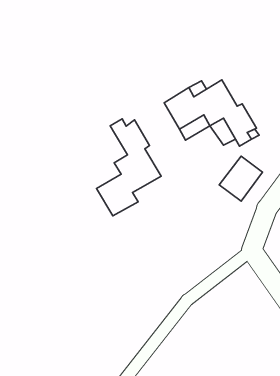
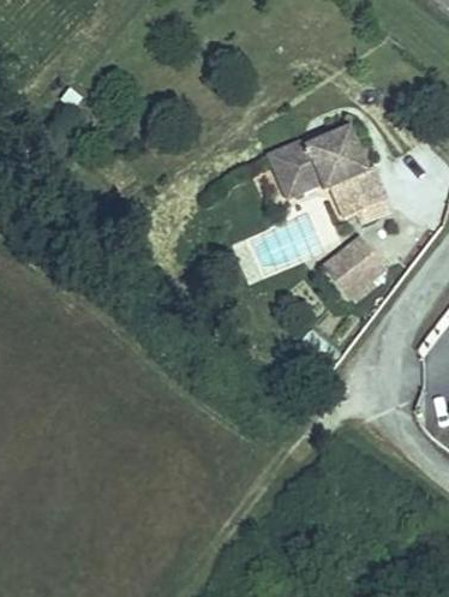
building: [96,119,161,216] -> none

